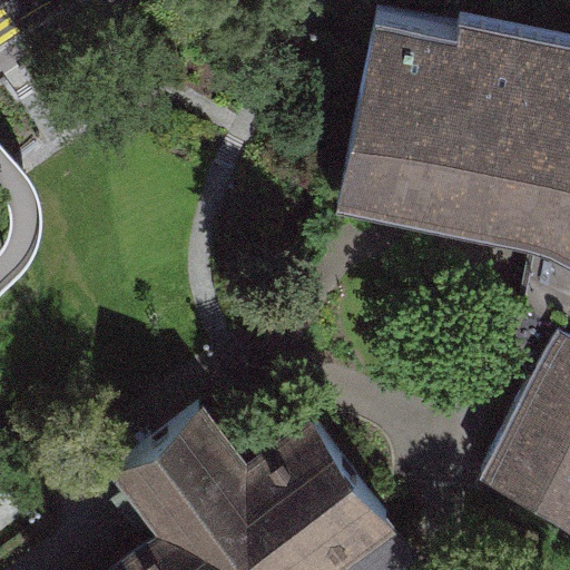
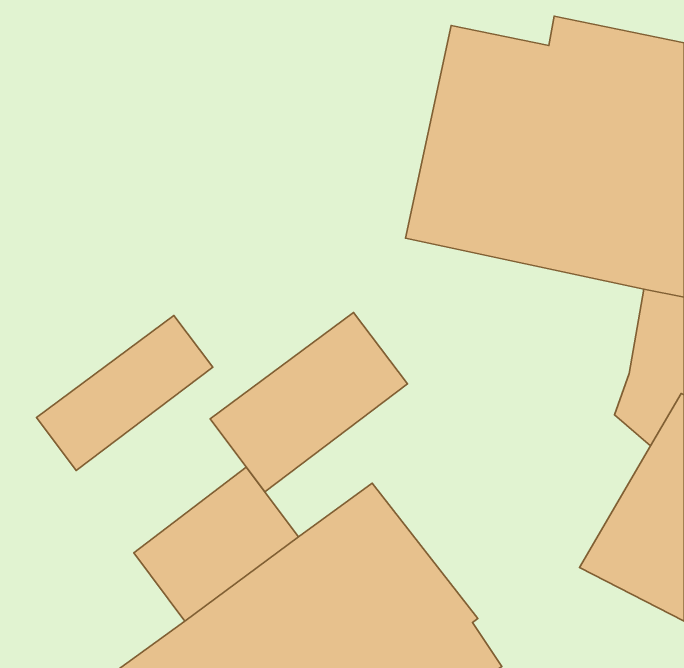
building: none -> [210,313,407,492]
building: none -> [36,315,213,470]

